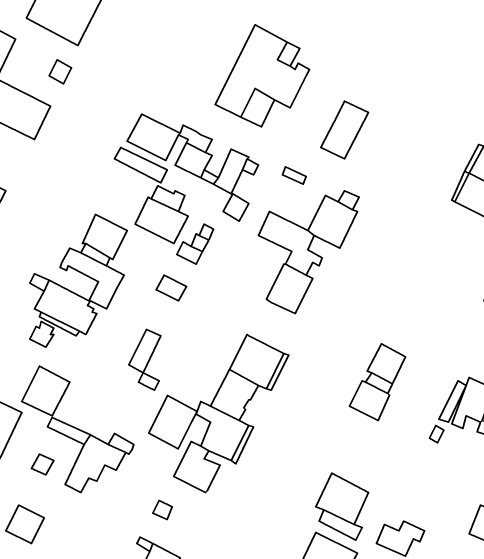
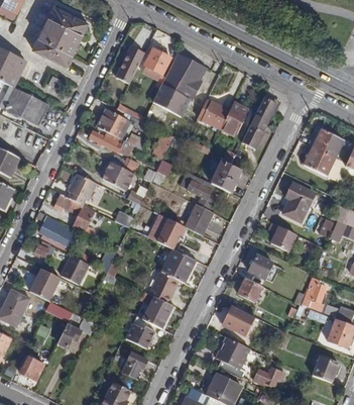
building: none -> [116,45,145,84]
building: none -> [144,47,171,75]
building: none -> [242,97,277,149]
building: none -> [197,100,230,130]
building: none -> [282,182,316,223]
building: none -> [156,218,185,249]
building: none -> [269,223,296,251]
building: none -> [62,255,90,285]
building: [149,396,197,449] -> none
building: none -> [222,305,255,335]
building: none -> [122,352,148,379]

